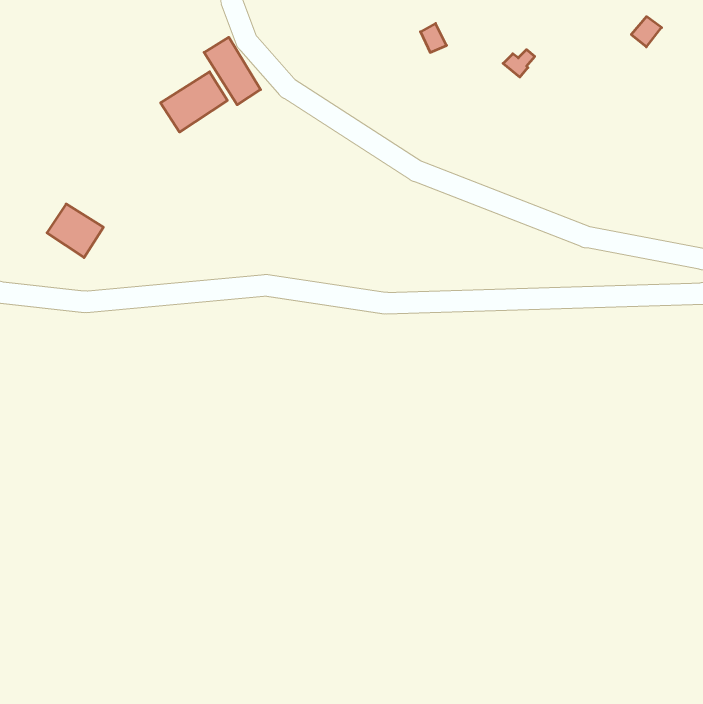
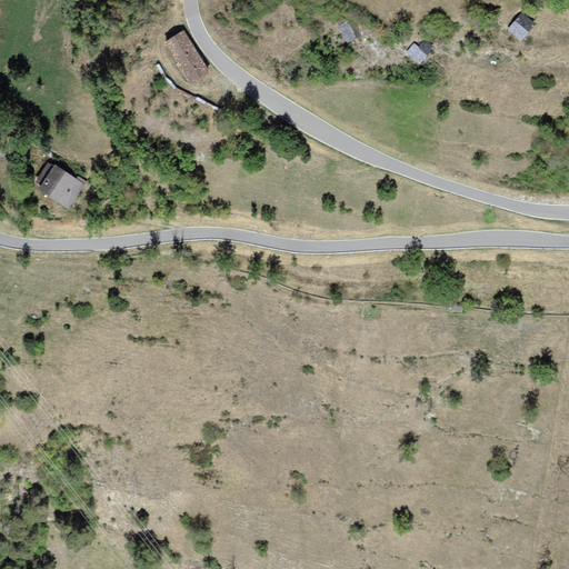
building: [161,72,227,132] -> none

